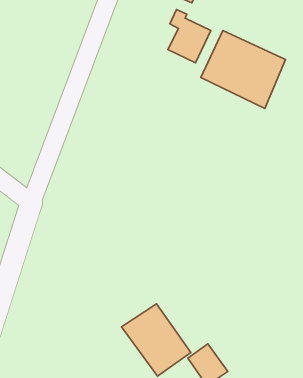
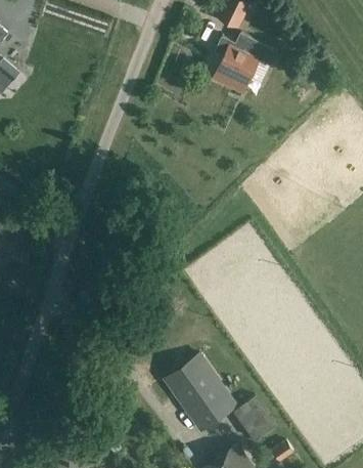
building: [201,30,286,109] -> none

